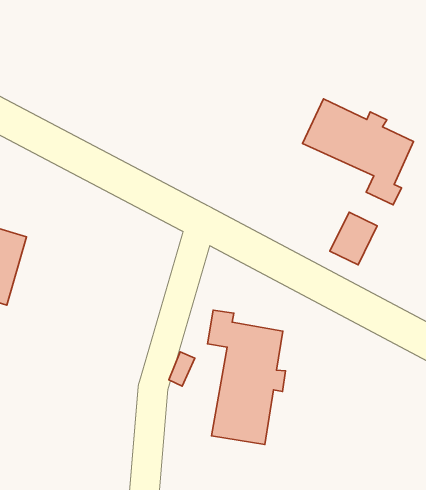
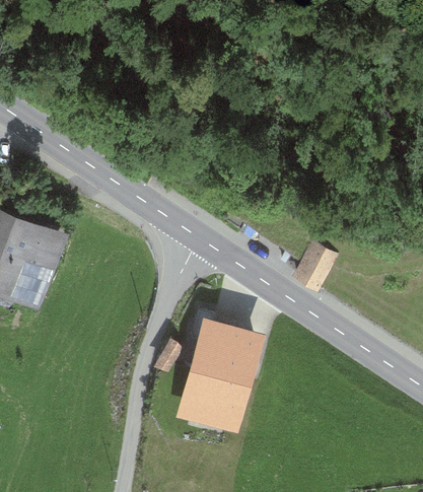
building: [302,99,414,205] -> none

